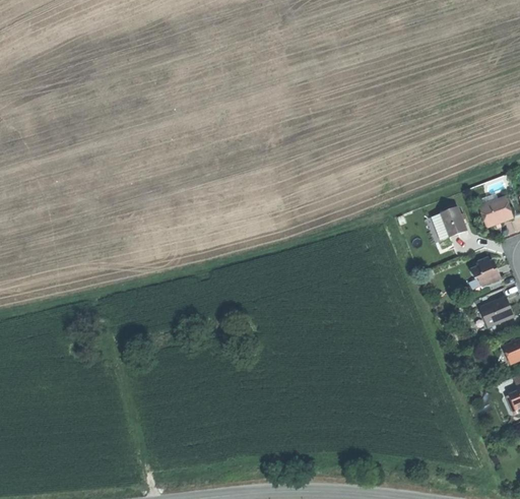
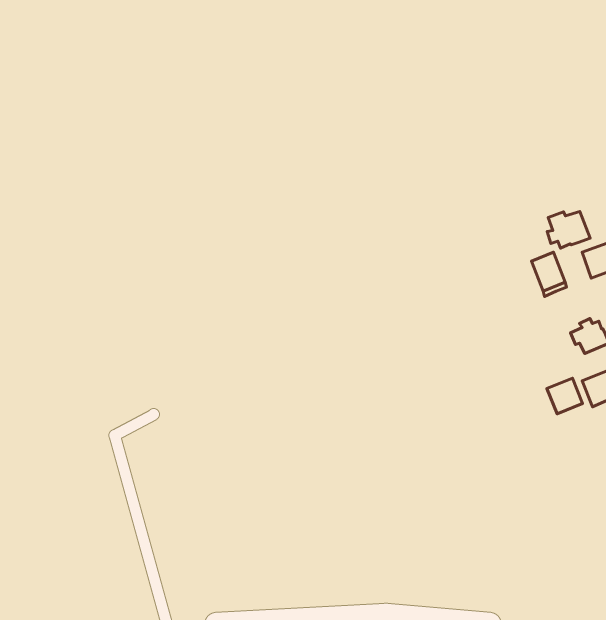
building: none -> [547,211,590,248]
building: none -> [547,378,583,414]

